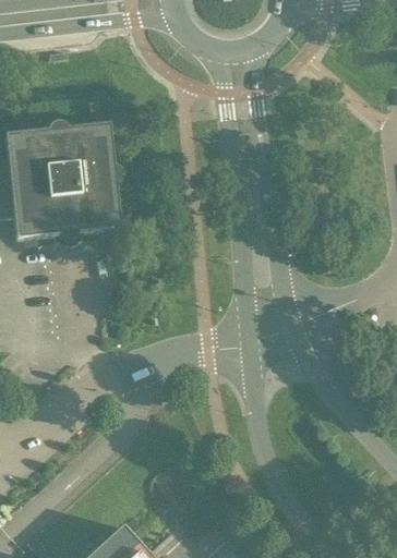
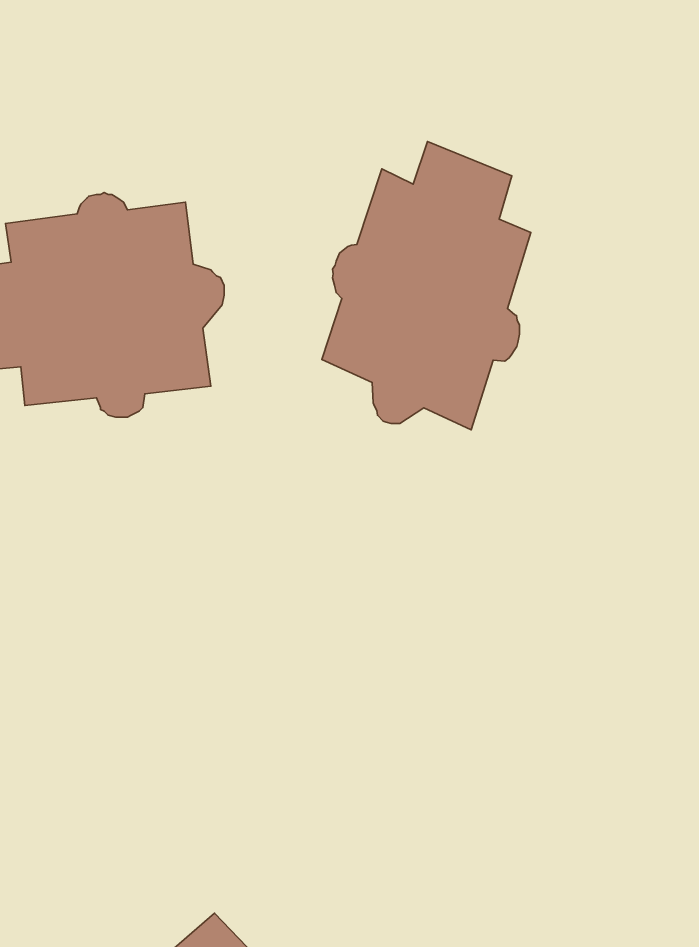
building: none -> [322,141,531,430]

